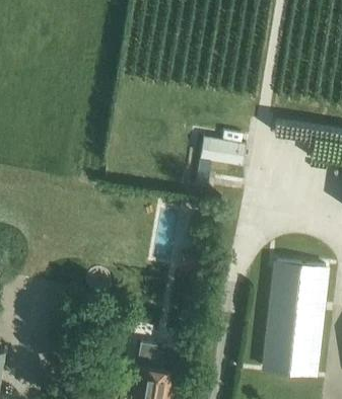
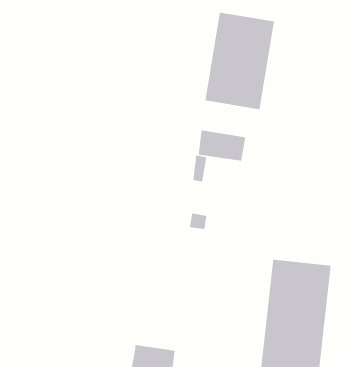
building: none -> [205,12,274,110]

